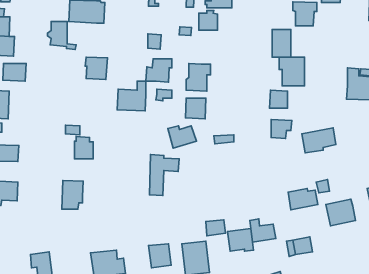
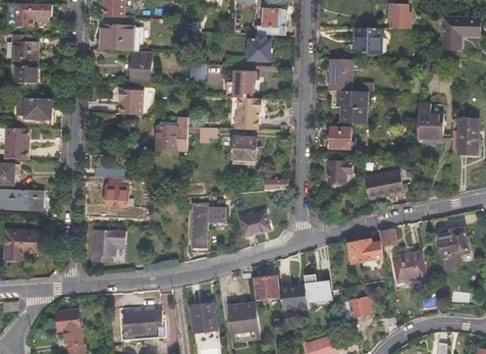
building: [48,22,76,49] -> [127,51,160,83]
building: [146,59,172,82] -> [225,71,255,98]
building: [168,126,197,148] -> [239,211,272,237]

